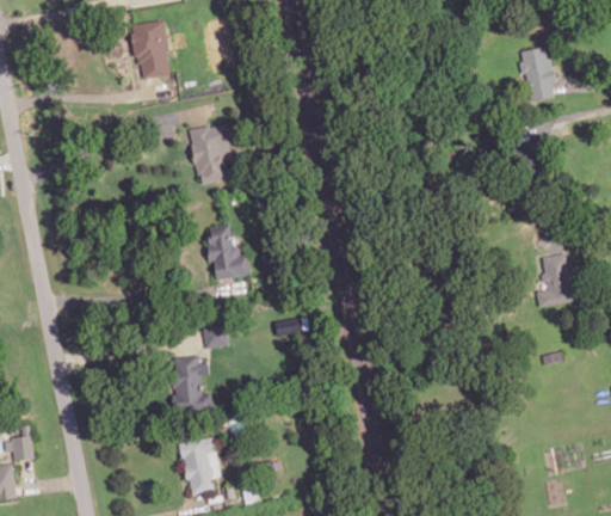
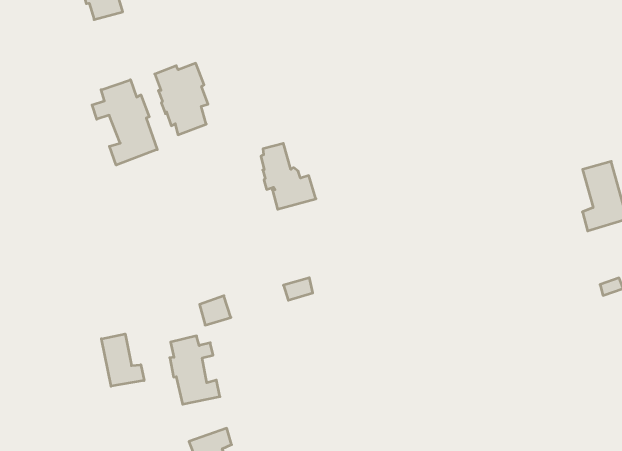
building: none -> [92,80,157,165]
building: [208,225,249,280] -> [261,143,316,209]
building: none -> [101,334,144,386]

